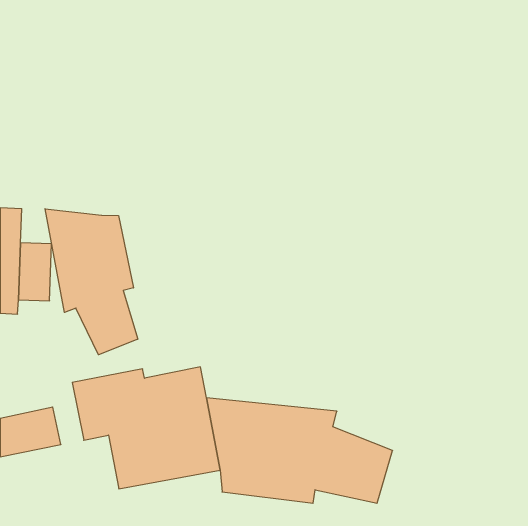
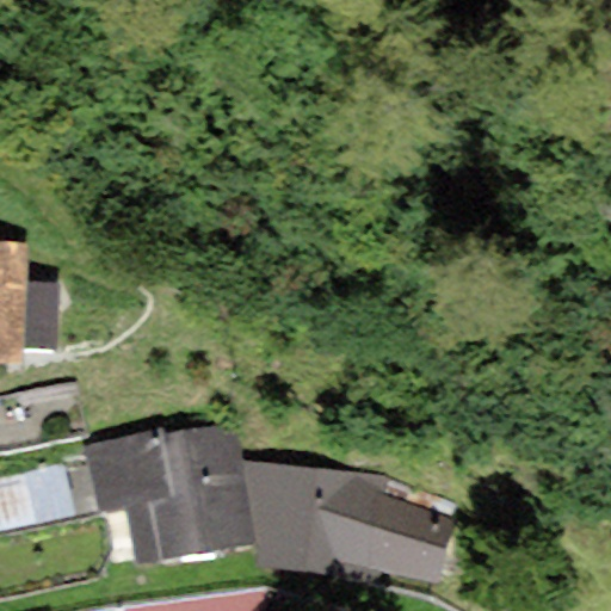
building: [45,209,138,355] -> none

